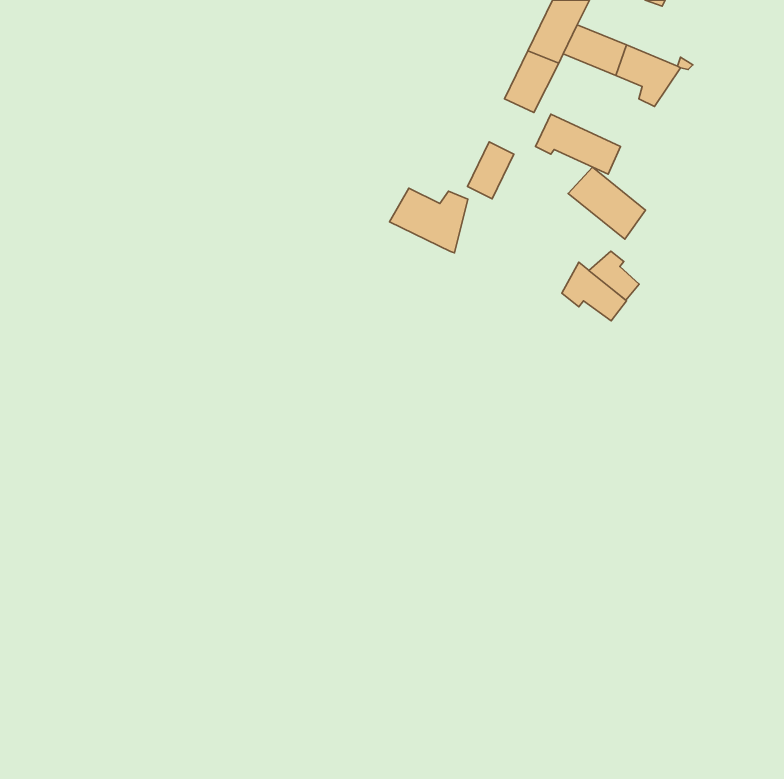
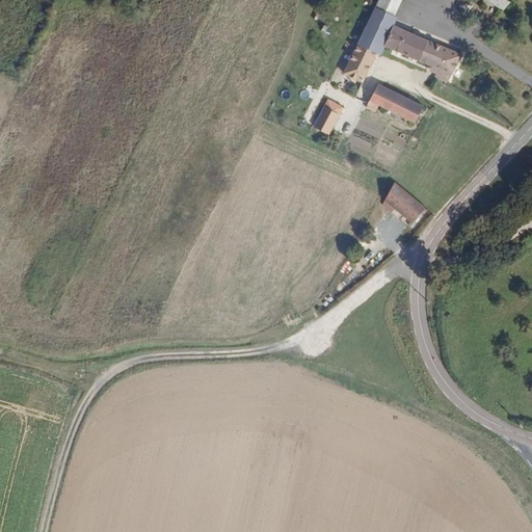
building: [568,167,645,239] -> none
building: [389,188,468,253] -> none
building: [589,251,639,300] -> none

